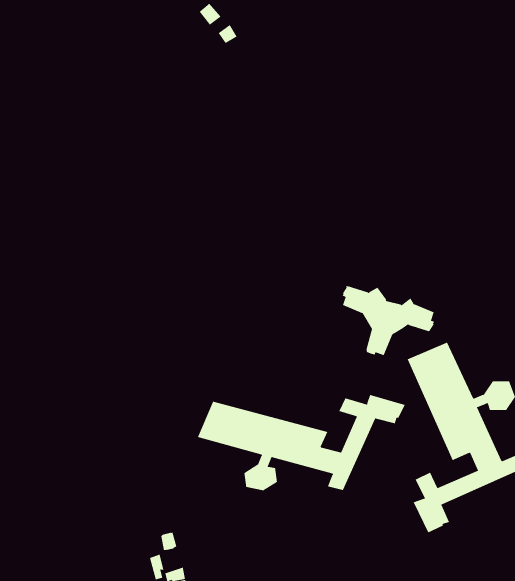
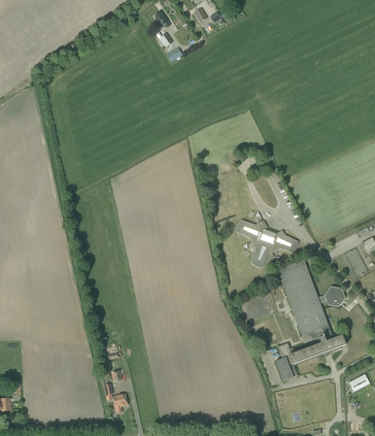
building: [197,394,406,491] -> none

